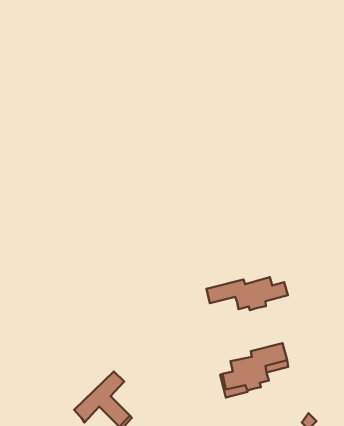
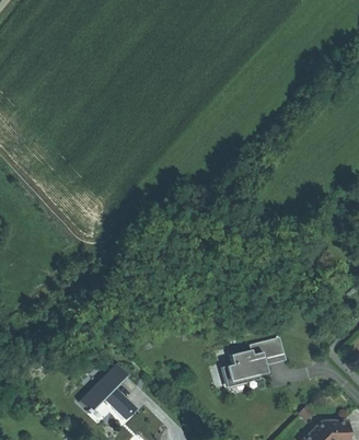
building: [207,277,288,310] -> none

